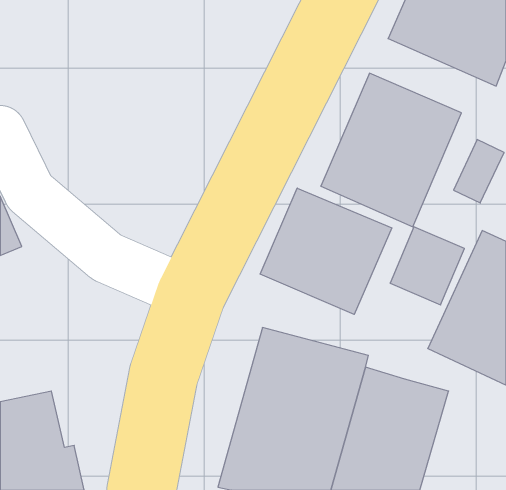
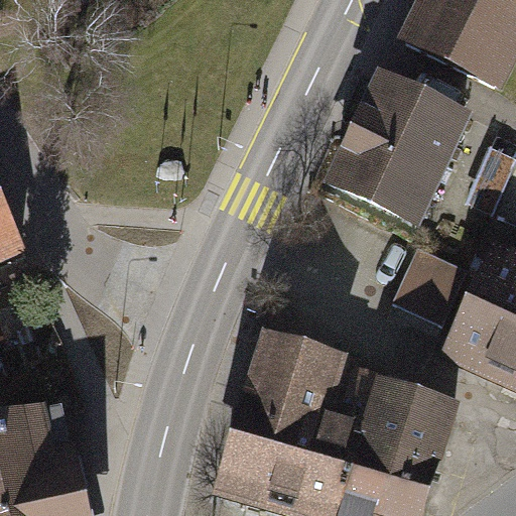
building: [260,188,392,314] -> none

